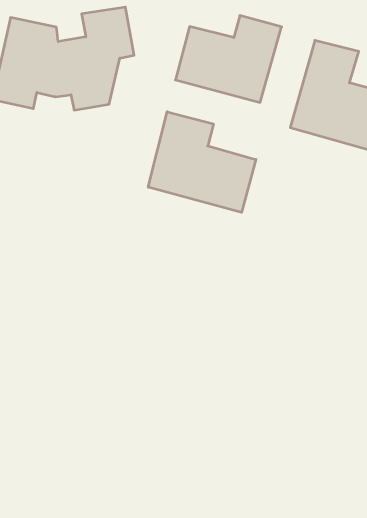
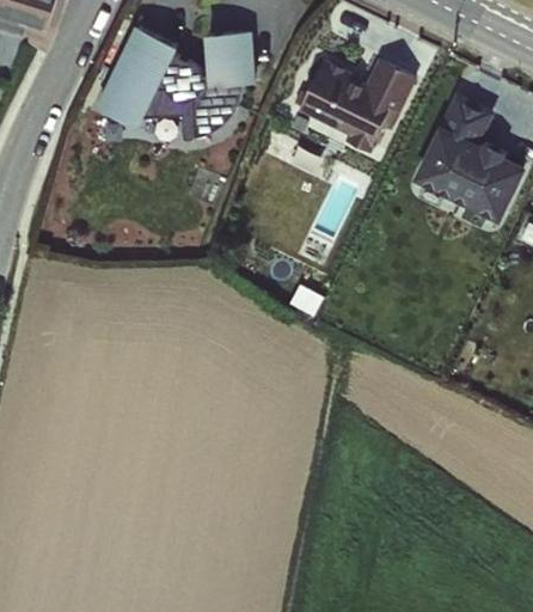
building: [148,112,256,212] -> none

